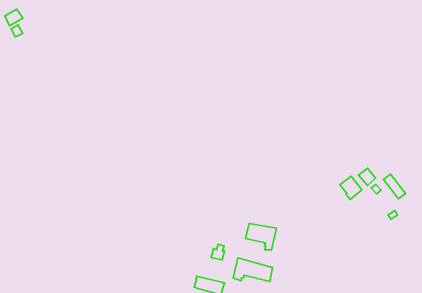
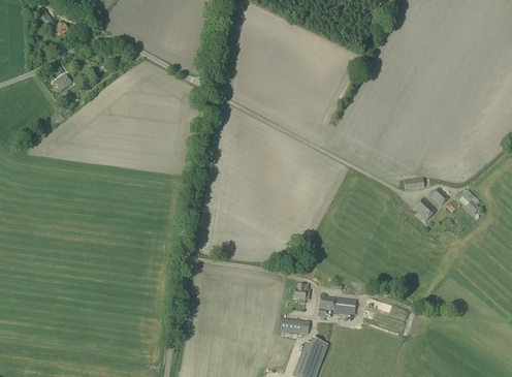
building: [245,223,277,250] -> none

